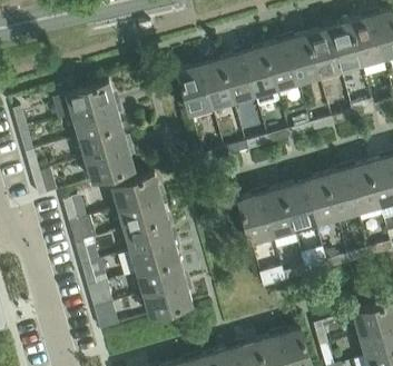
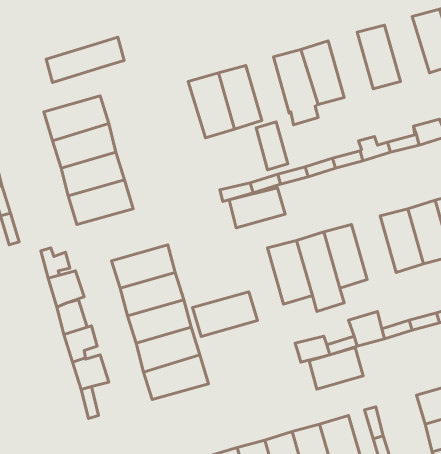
building: [328,22,363,72] -> none
building: [285,34,320,85] -> none
building: none -> [46,37,124,82]
building: [222,53,255,102] -> none
building: none -> [229,188,285,228]
building: [111,176,161,210] -> [193,292,258,337]
building: [303,176,337,225] -> none
building: none -> [309,347,363,389]

